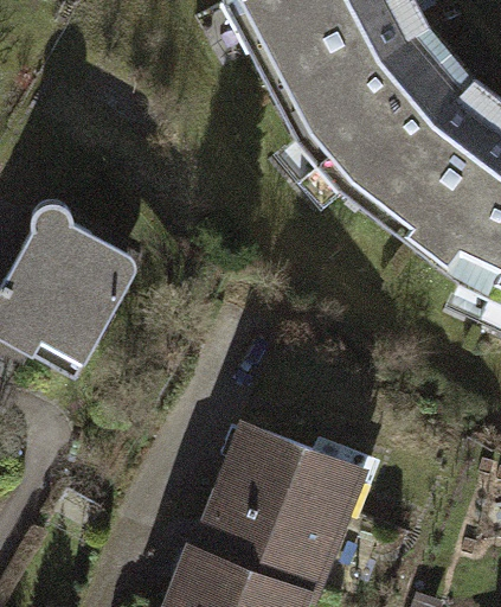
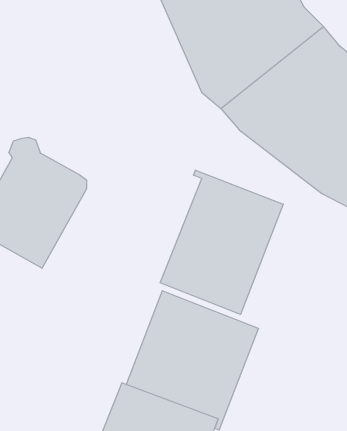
building: none -> [160,170,283,314]

